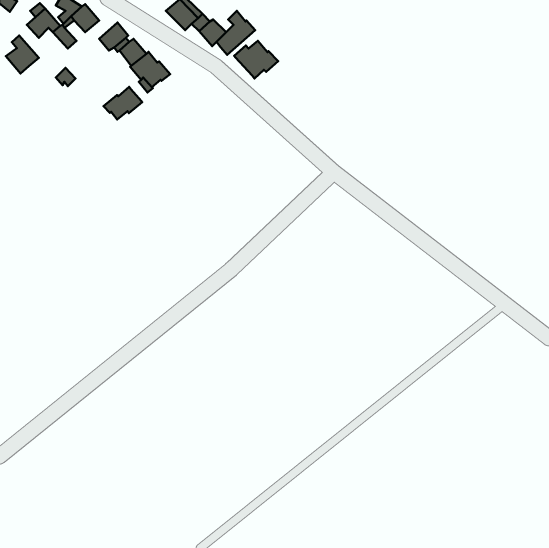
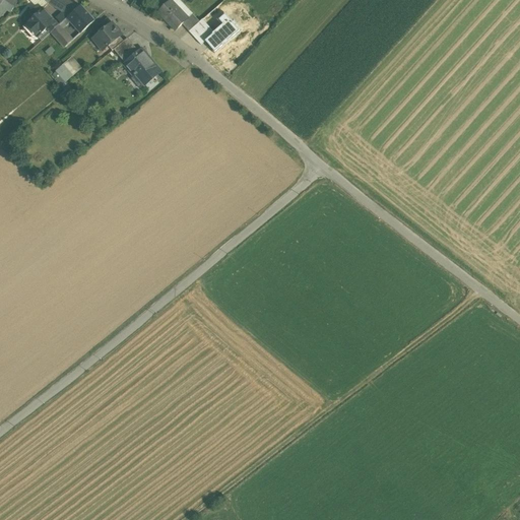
building: [6,36,39,74] -> none
building: [234,41,278,79] -> none
building: [104,87,142,119] -> none

